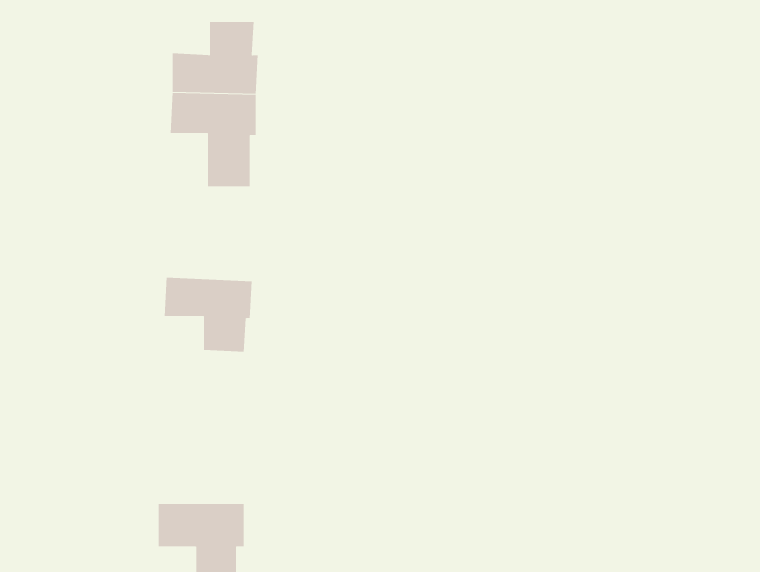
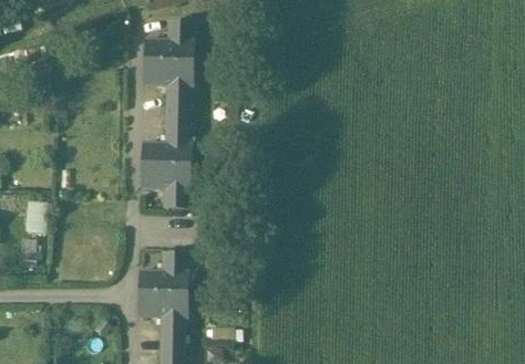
building: none -> [144,114,193,167]
building: none -> [140,251,189,292]

